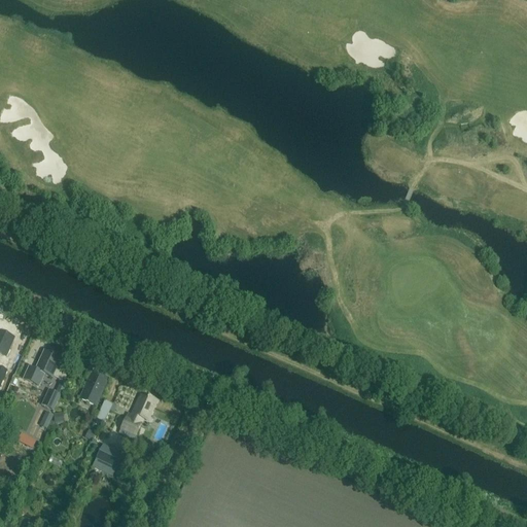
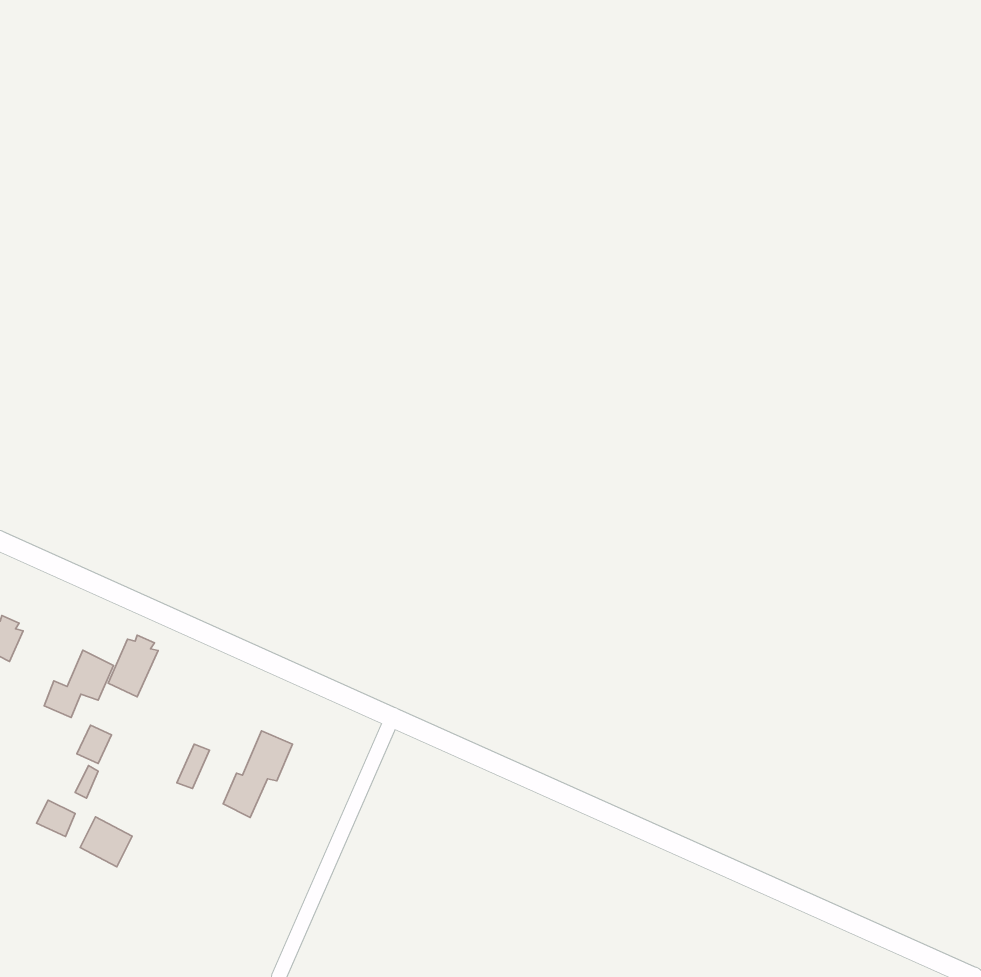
building: [79,372,106,405] -> [108,635,158,697]
building: [95,442,122,468] -> [80,817,132,867]

